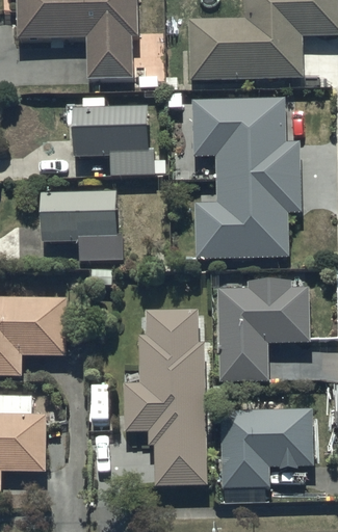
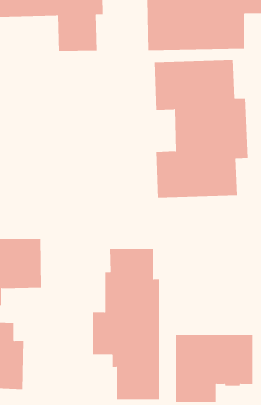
building: [73,97,154,175] -> none
building: [38,190,122,260] -> none
building: [217,280,306,382] -> none

